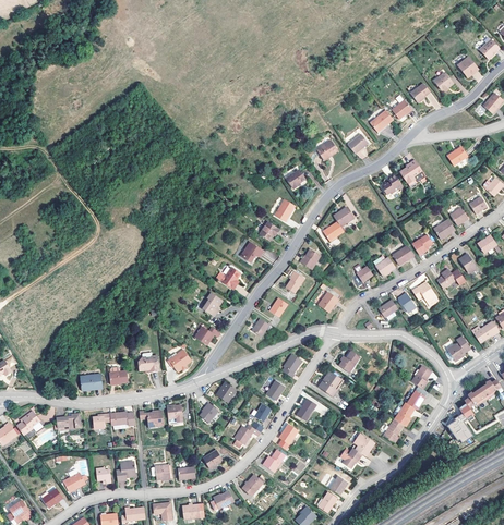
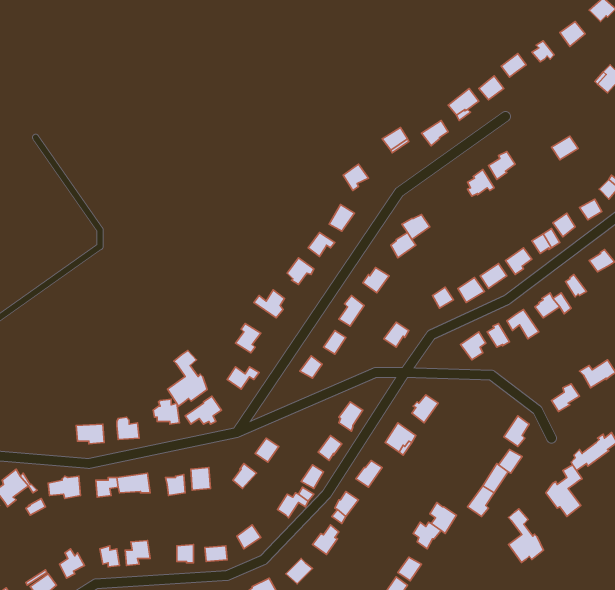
building: none -> [167,350,207,406]
building: none -> [509,509,544,563]

